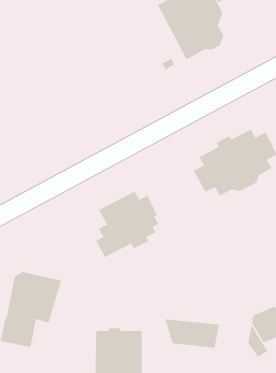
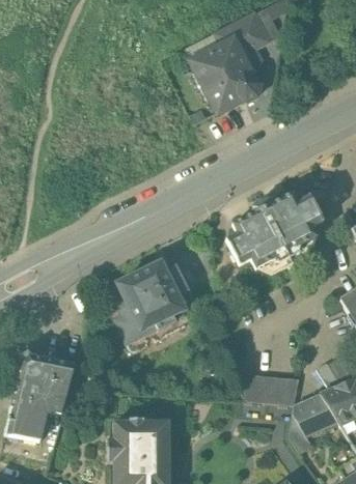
building: [165,319,220,348] -> [237,372,300,405]

